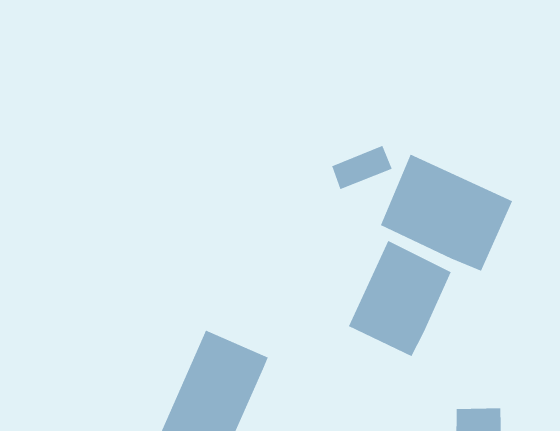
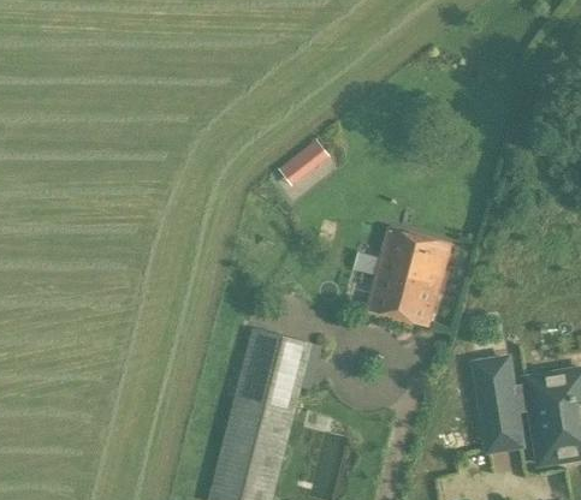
building: [331,145,393,190] -> [279,141,332,185]
building: [380,153,513,272] -> none

